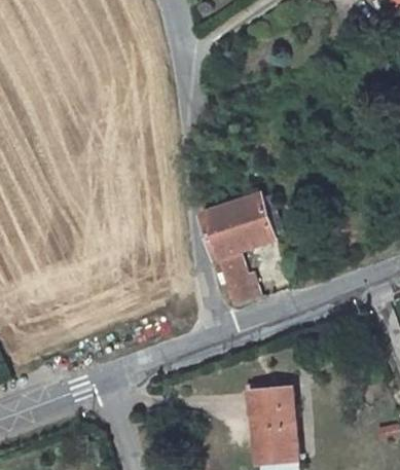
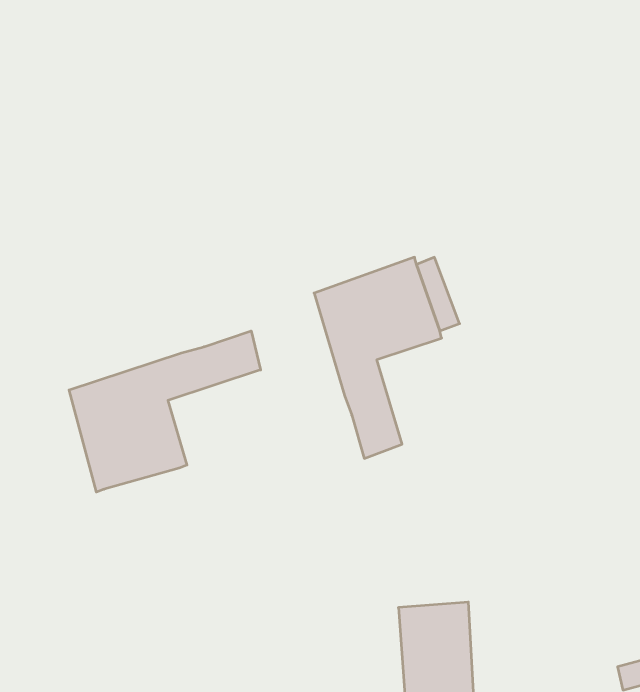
building: none -> [69,331,261,492]

